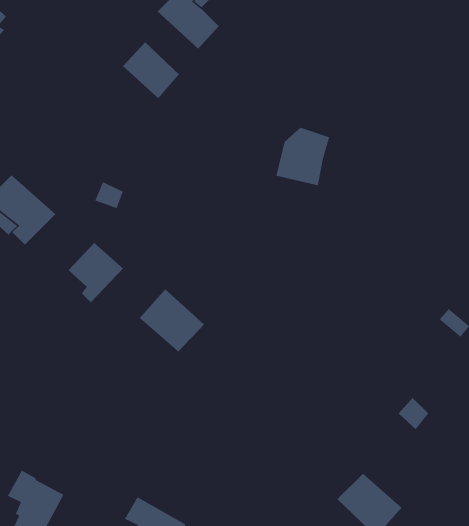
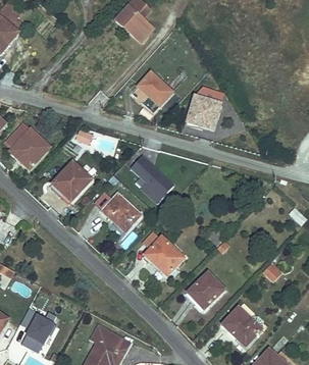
building: [122,41,180,99] -> [135,71,170,107]
building: none -> [130,157,172,204]
building: none -> [143,241,182,276]
building: none -> [187,273,224,311]

